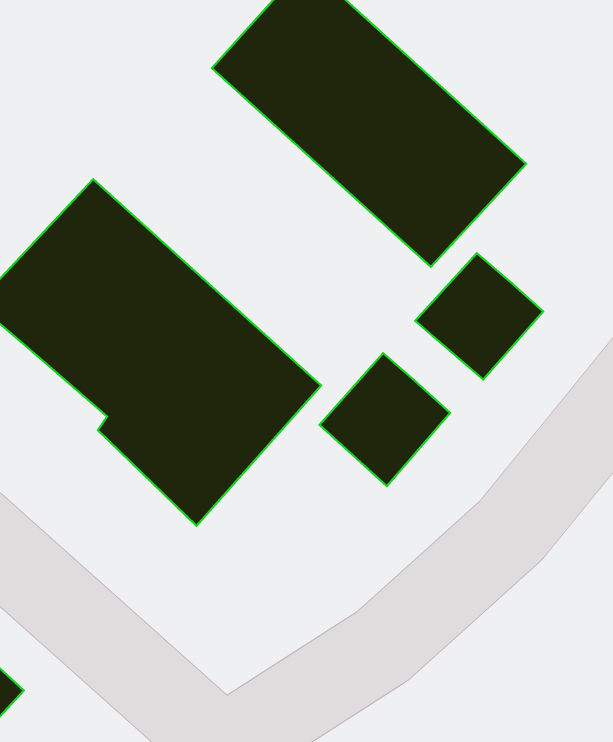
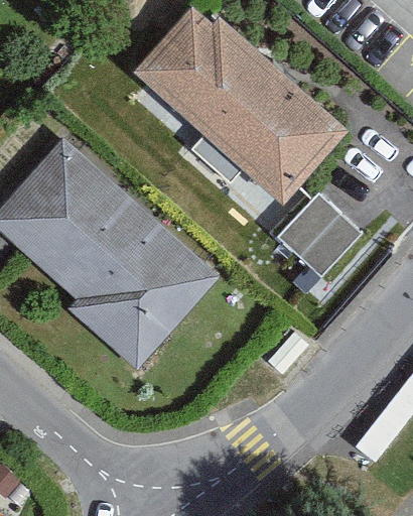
building: [319,353,450,486] -> none

